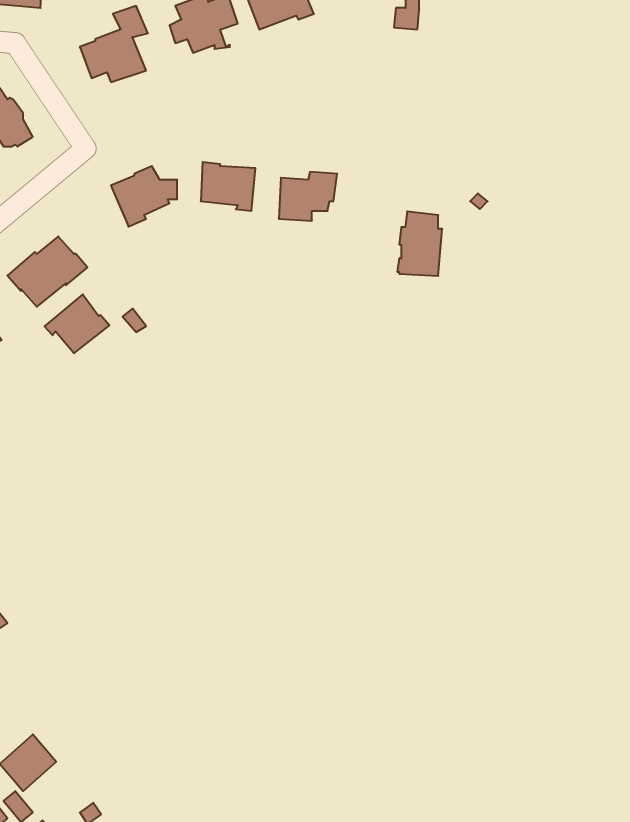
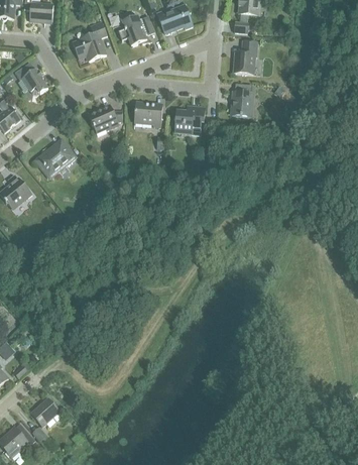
building: none -> [233,39,257,73]
building: [397,211,442,276] -> [230,82,253,115]
building: [45,294,109,353] -> none

